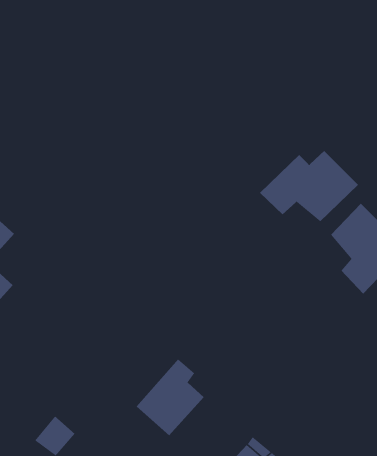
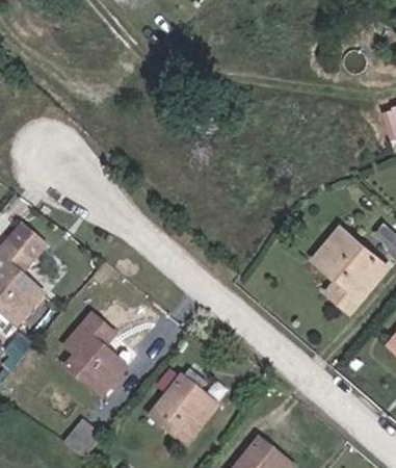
building: [259,150,359,222] -> none
building: none -> [65,314,125,394]

